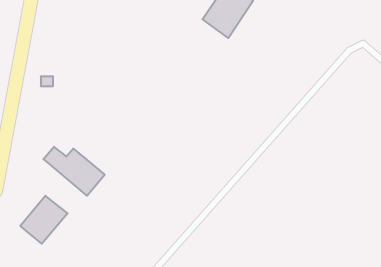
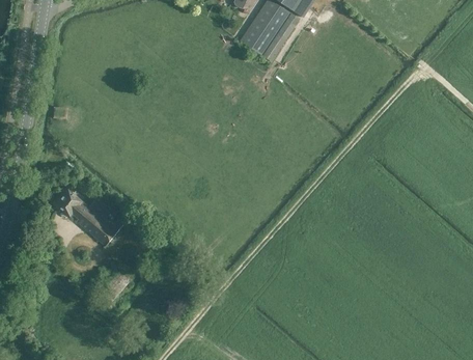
building: [20,196,68,244] -> none

